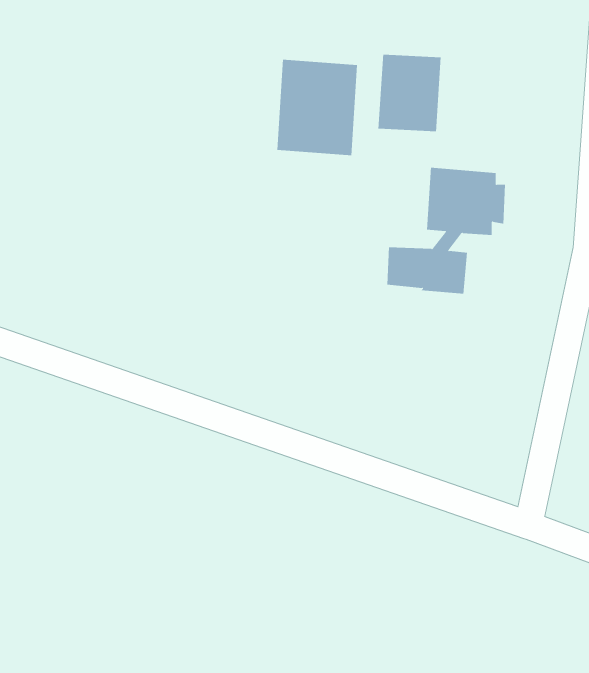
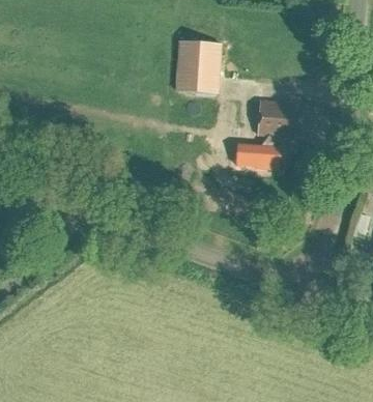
building: [378,54,441,132] -> none

